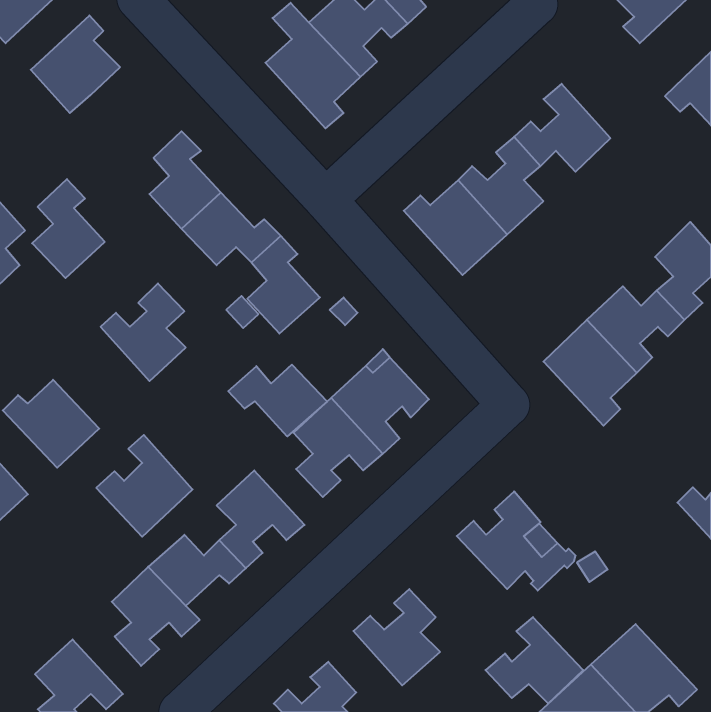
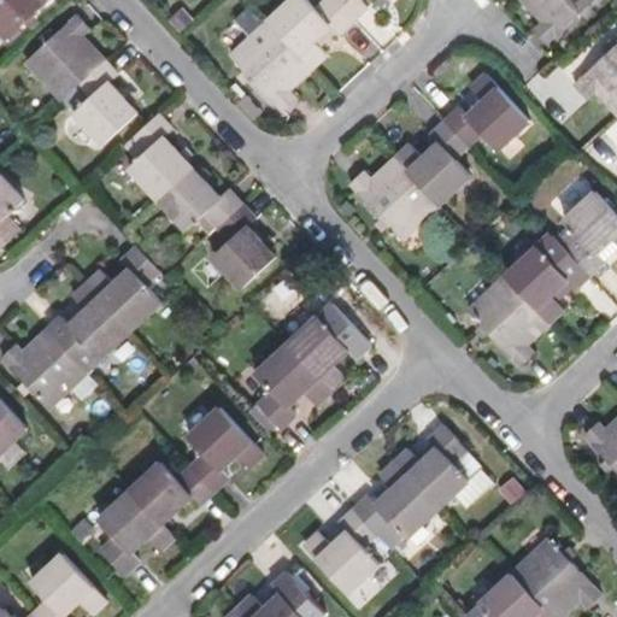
building: [32,179,105,278] -> [74,58,136,143]
building: [228,365,327,436] -> none
building: [96,435,193,537] -> [46,282,129,370]
building: [485,617,583,704] -> [353,463,437,537]

